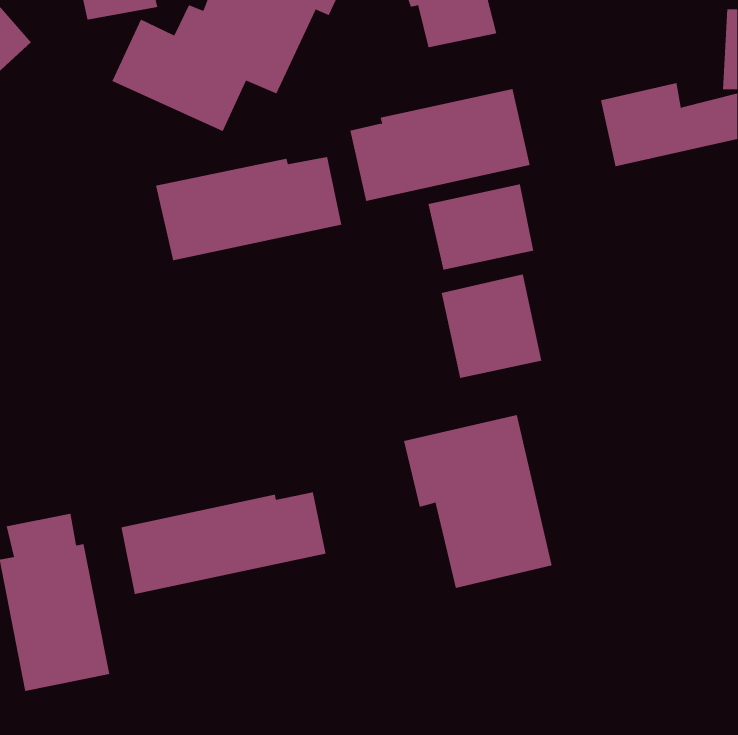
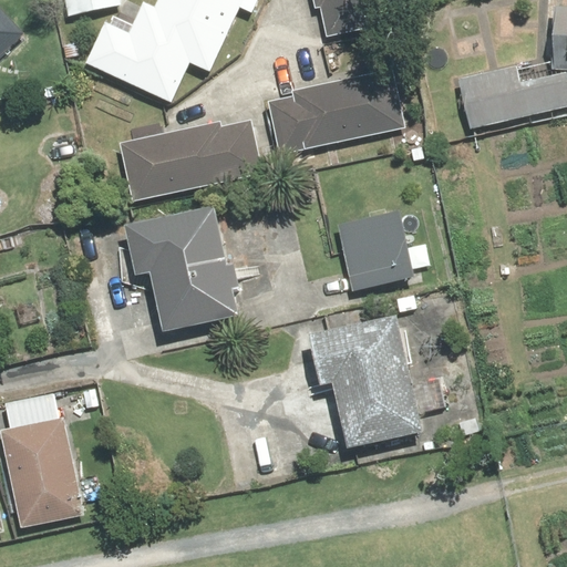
building: [428,183,534,271] -> none
building: none -> [124,207,237,332]
building: [121,491,326,595] -> none

